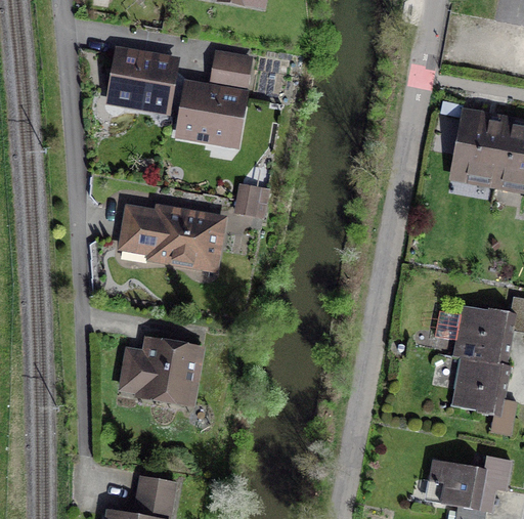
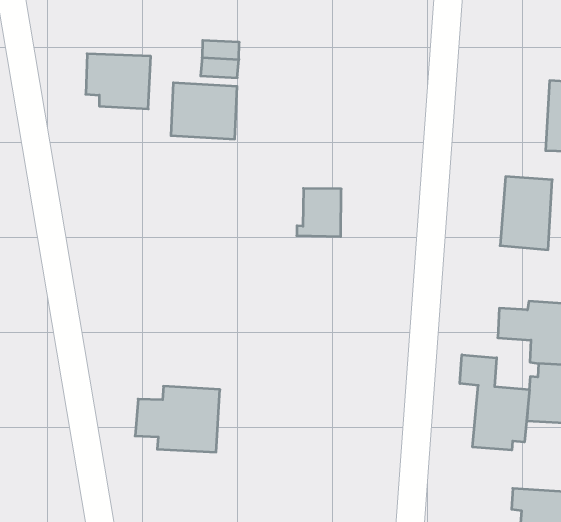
building: [454,115,505,180] -> [500,177,552,250]
building: [228,180,270,224] -> [297,188,341,237]
building: [123,209,219,265] -> none
building: none -> [460,355,529,450]

